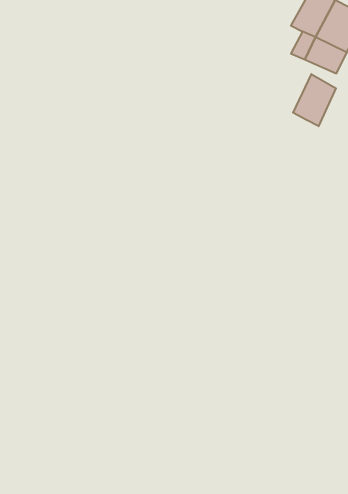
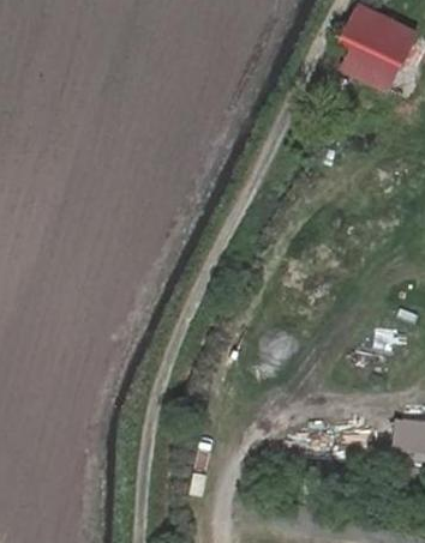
building: [293,74,336,126] -> none

